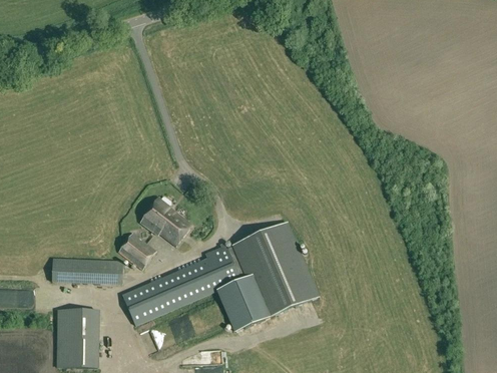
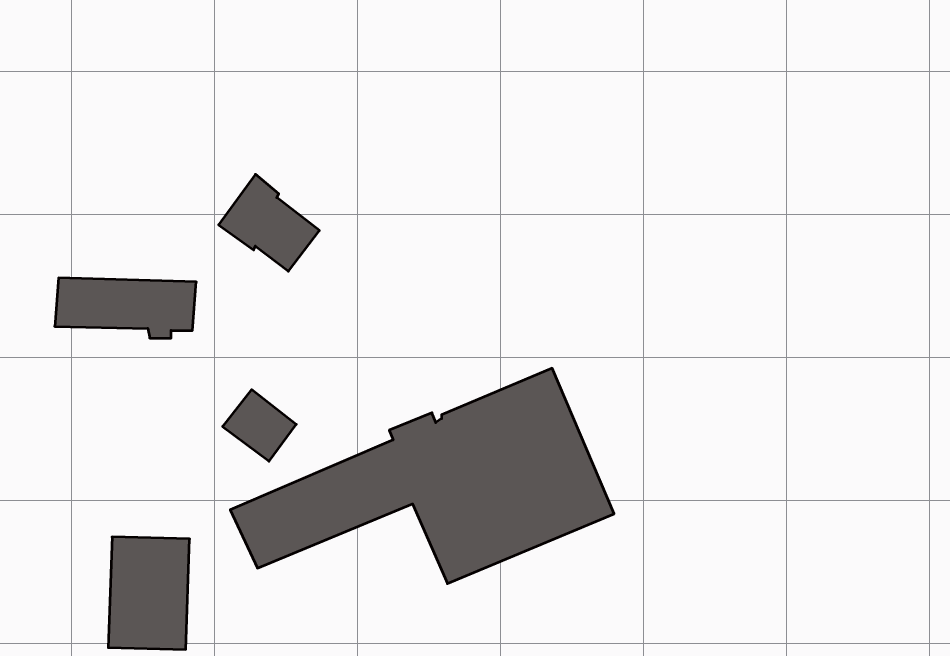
building: [139,196,191,246] -> [219,174,319,271]
building: [51,257,124,288] -> [55,278,196,338]

